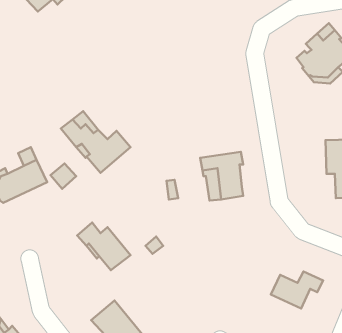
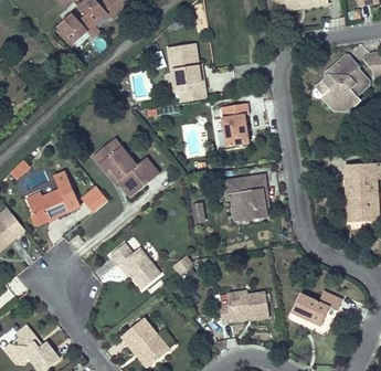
building: none -> [172,44,208,102]
building: none -> [222,103,250,146]
building: none -> [219,290,269,324]

